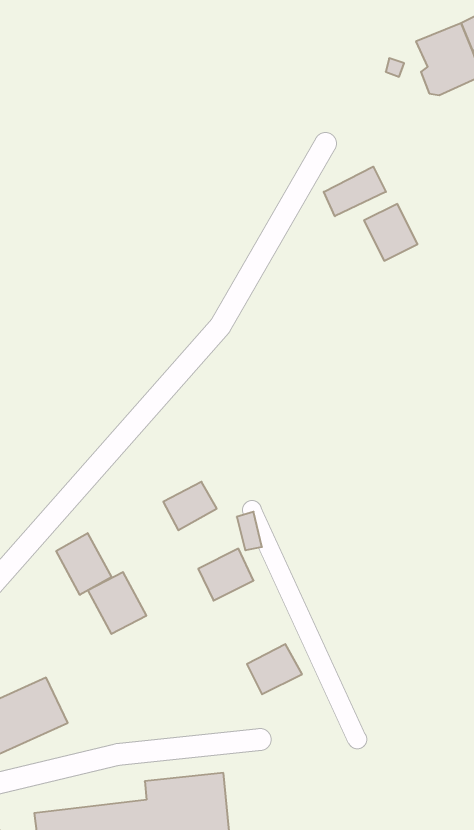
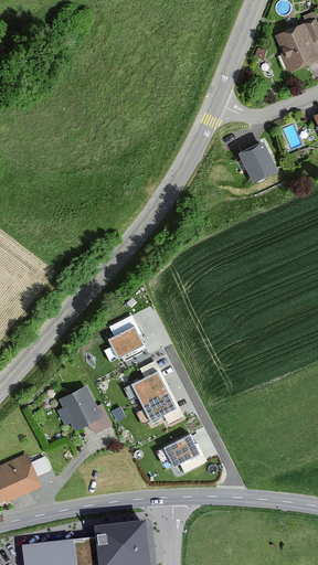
building: [324,167,386,216] -> none
building: [56,533,111,595] -> none
building: none -> [141,392,176,422]

